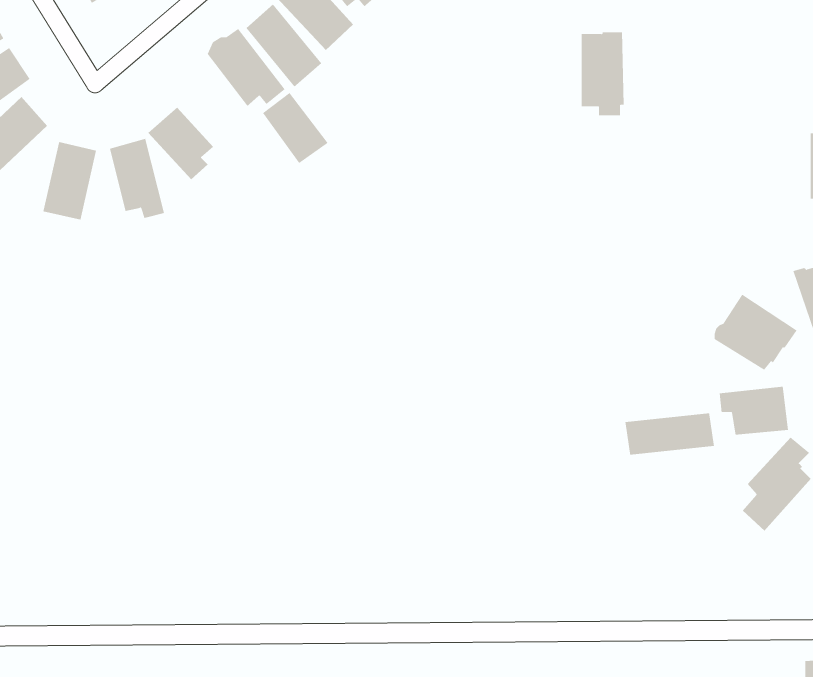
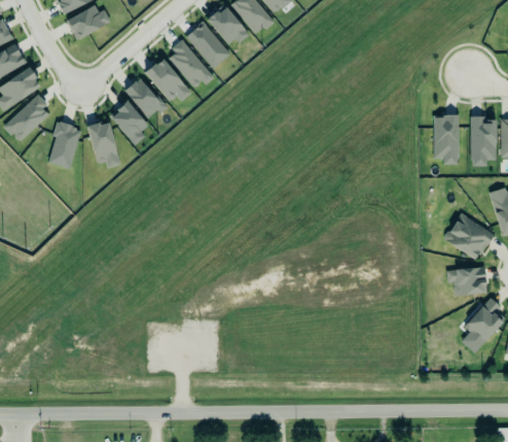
building: [581,32,624,116] -> [432,113,458,163]
building: [262,92,328,164] -> [125,77,165,120]
building: none -> [469,113,496,164]
building: [625,412,714,456] -> none

